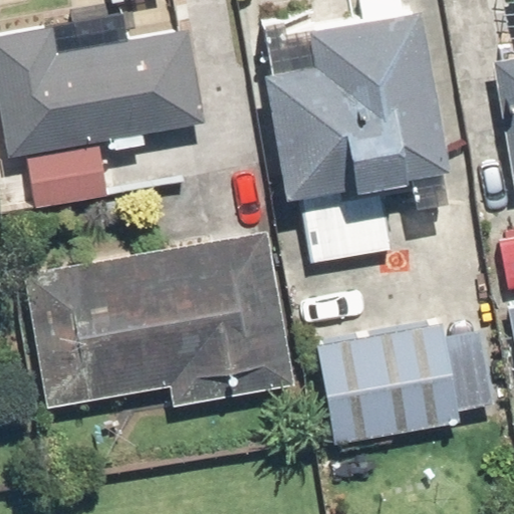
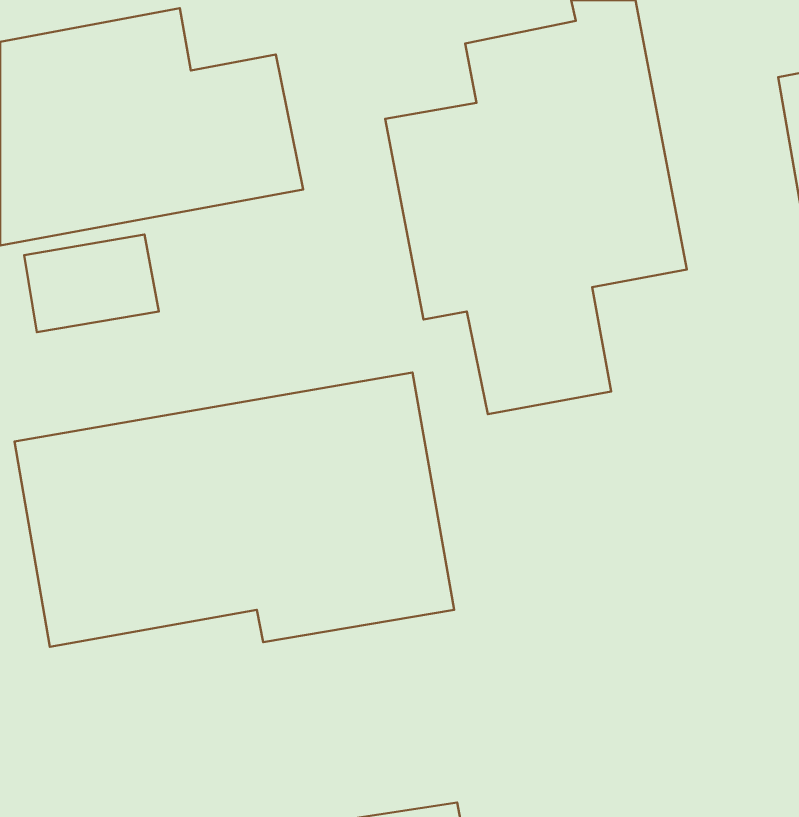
building: [315,321,497,447] -> none

